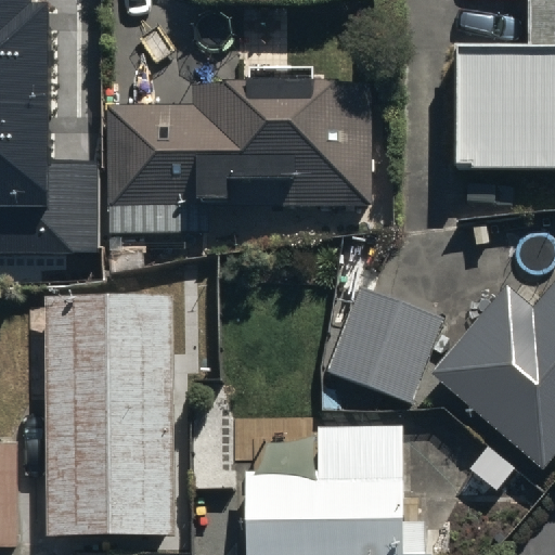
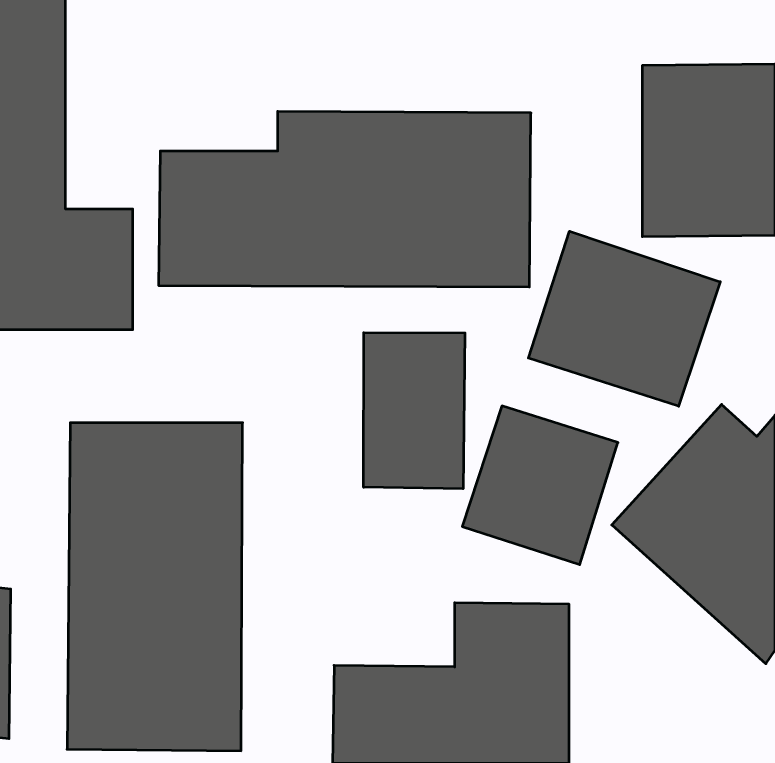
building: none -> [528,231,720,406]
building: none -> [364,333,465,489]

